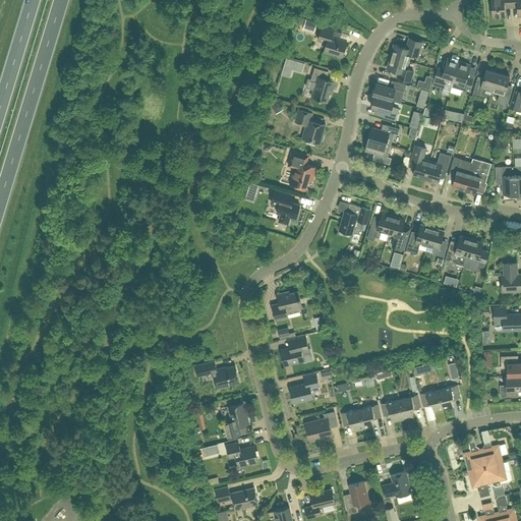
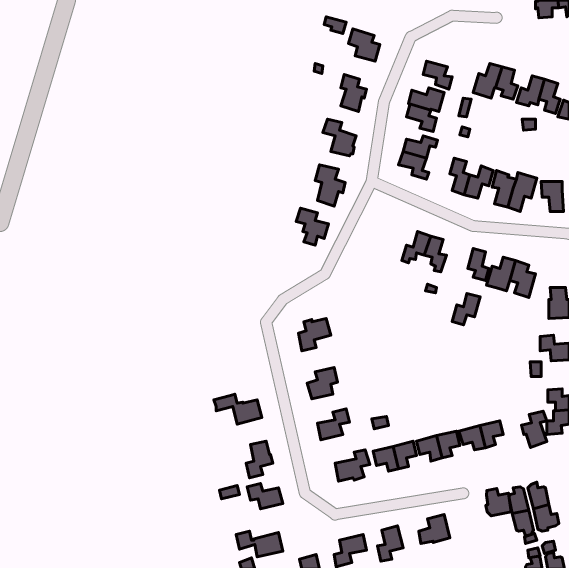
building: [390,39,422,62] -> none
building: [339,205,370,237] -> none
building: [407,225,432,253] -> [452,294,480,325]
building: none -> [522,411,547,447]
building: none -> [486,489,511,516]

